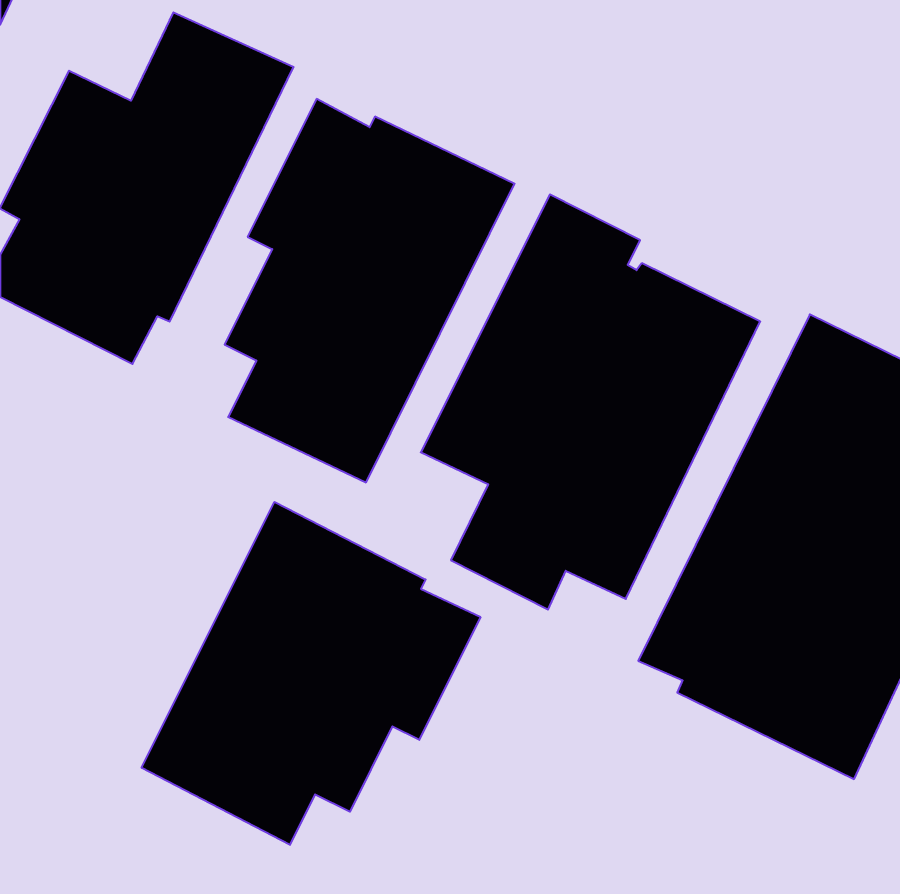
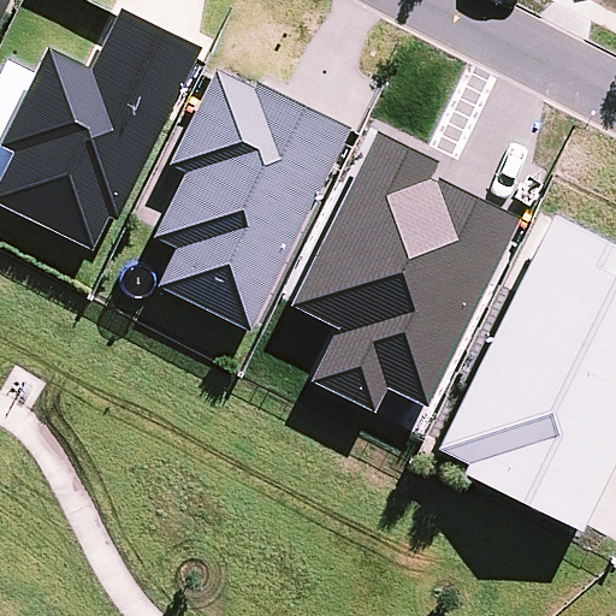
building: [142,502,480,845] -> none

